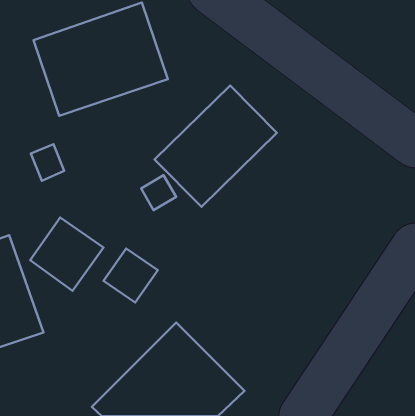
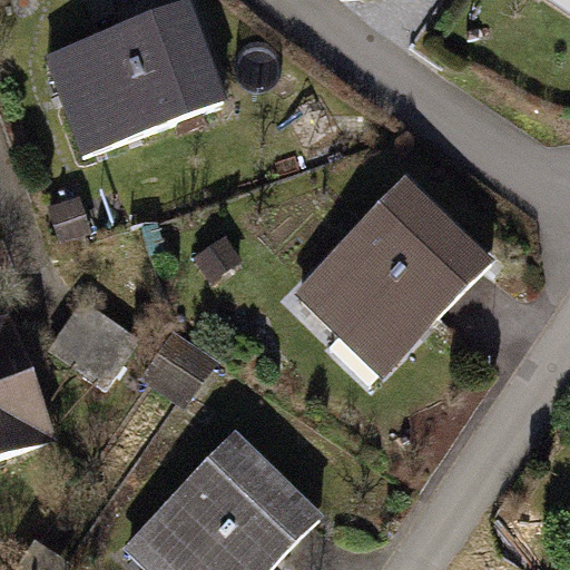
building: [154,86,277,207] -> none
building: none -> [293,178,495,380]

